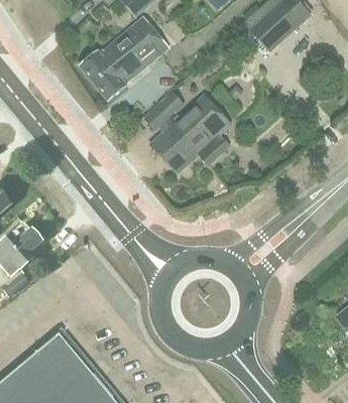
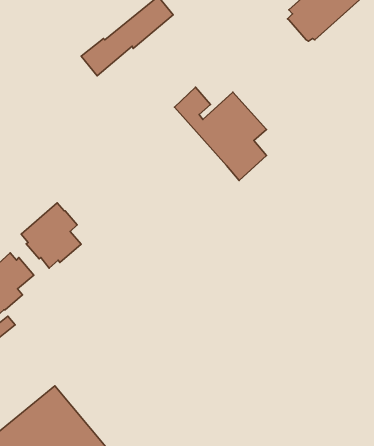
building: [93,31,167,99] -> none
building: [143,106,198,173] -> none
building: none -> [21,203,81,268]

